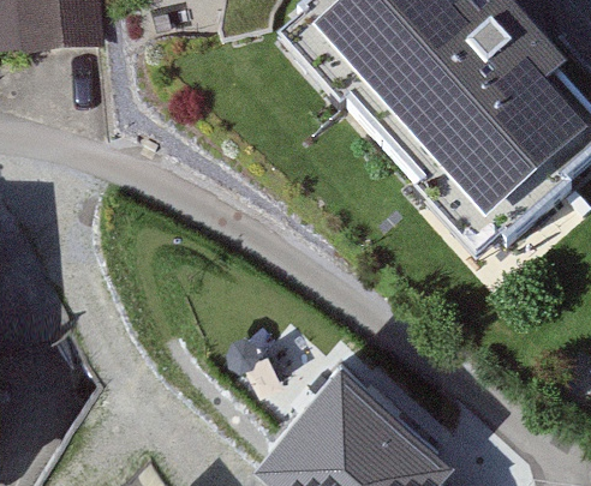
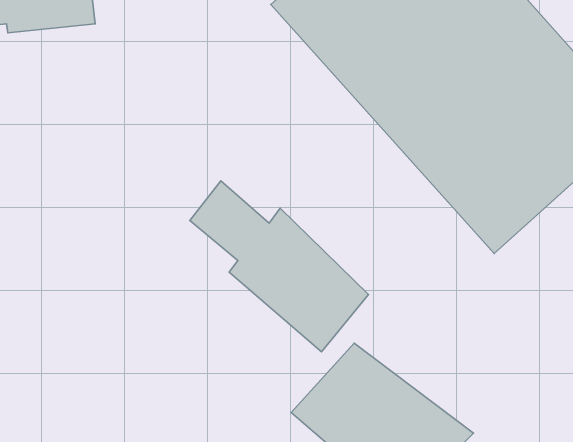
building: none -> [190,181,368,352]

